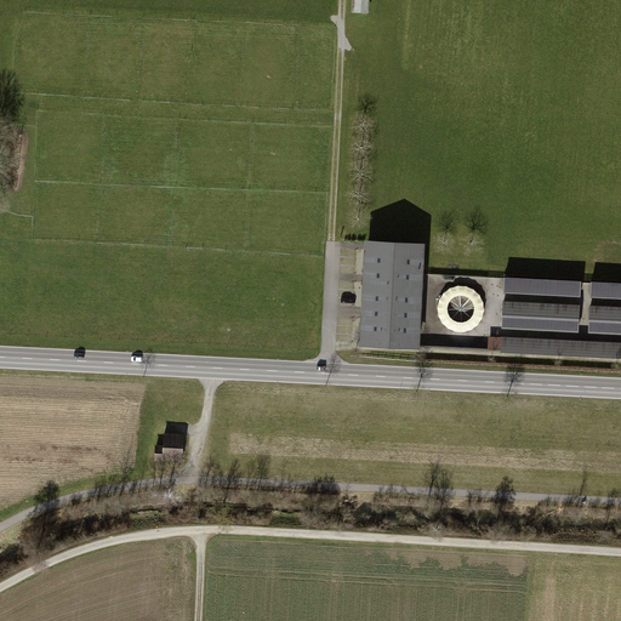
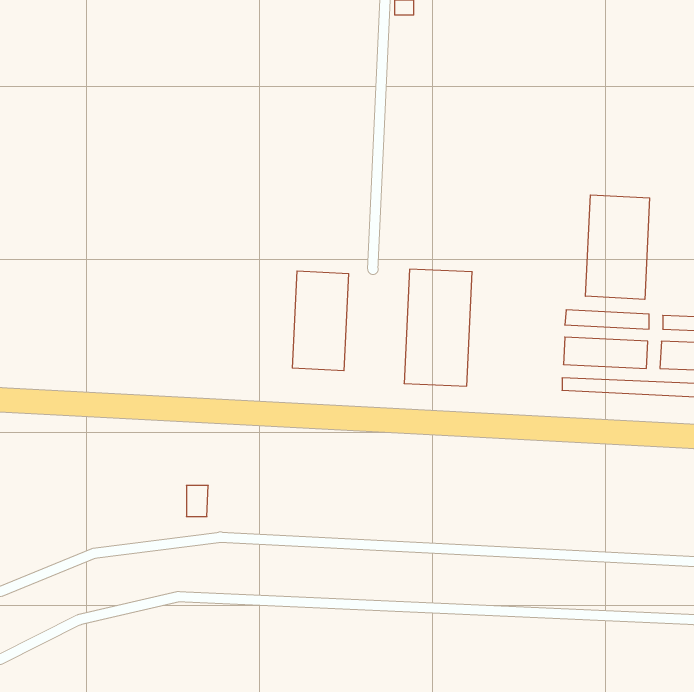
building: none -> [585,195,650,299]
building: none -> [292,271,349,371]

